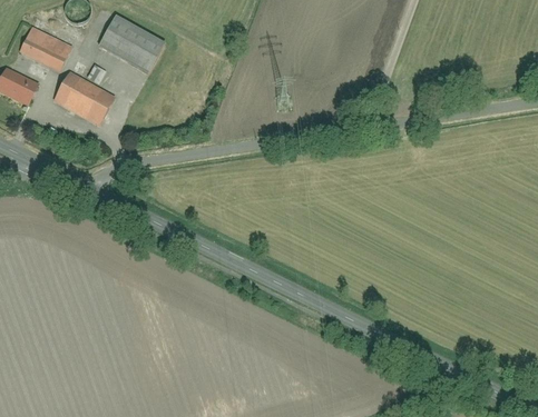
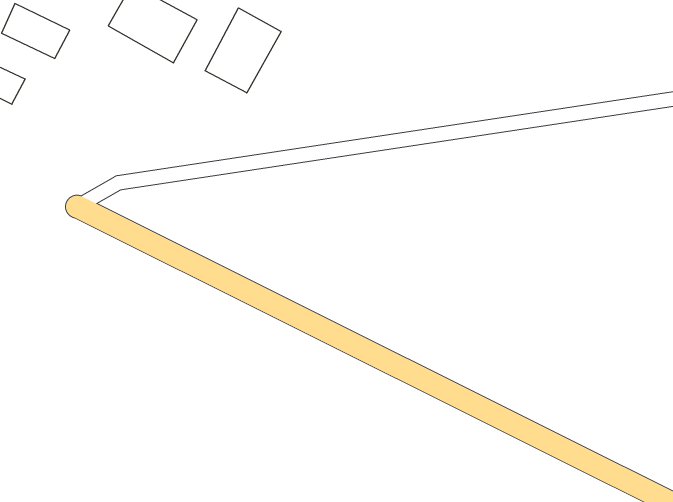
building: none -> [205,8,281,93]
building: [55,72,114,122] -> none

